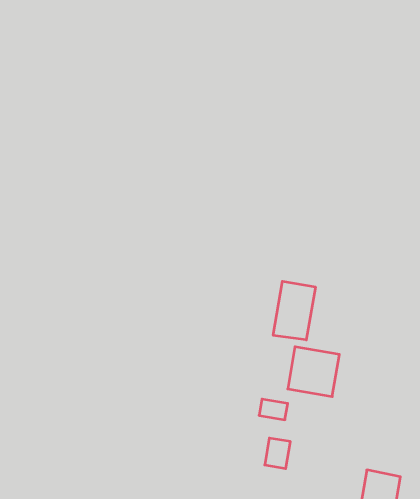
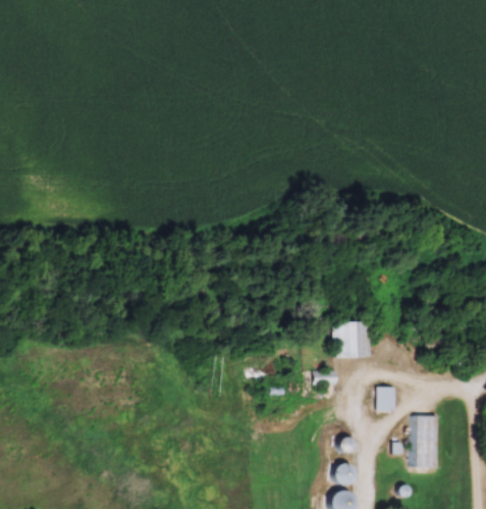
building: [273,281,315,340] -> none
building: [265,438,290,469] -> [375,388,393,411]

